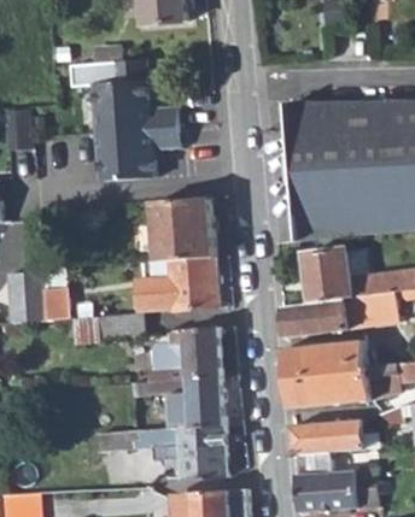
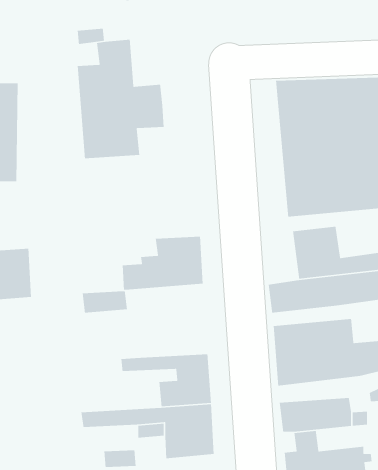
building: [153,200,214,262] -> none
building: [152,329,221,380] -> none

